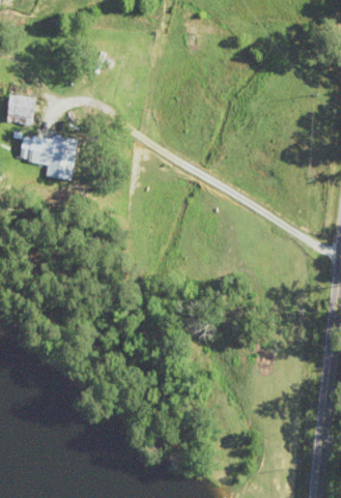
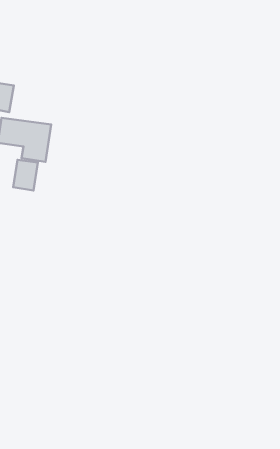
building: none -> [13,160,38,191]

